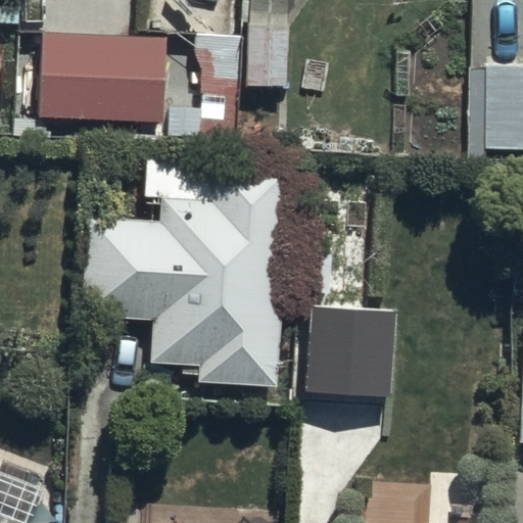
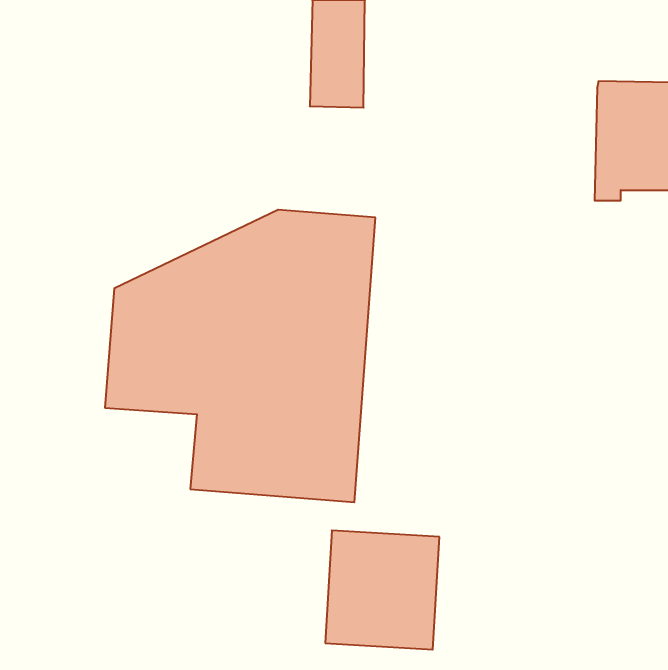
building: [36,32,236,142] -> none
building: [307,304,396,397] -> [325,530,439,650]

